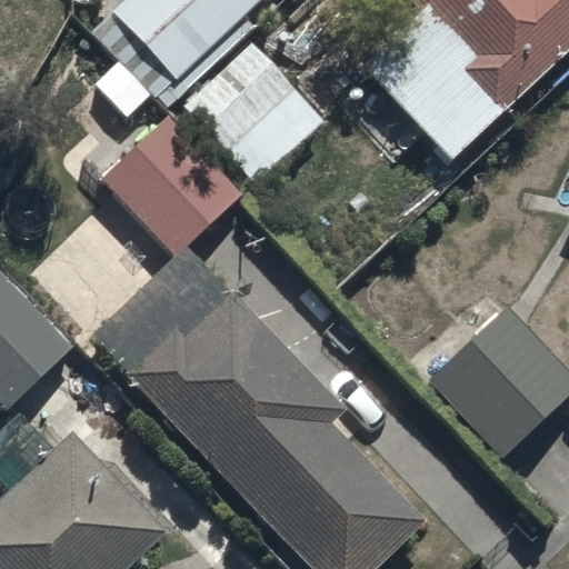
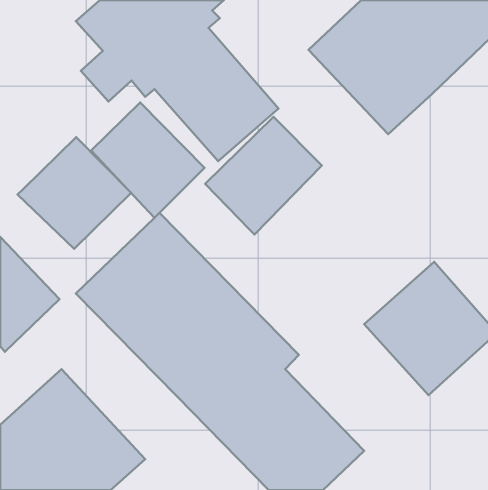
building: none -> [205,117,322,235]
building: none -> [17,137,131,249]

